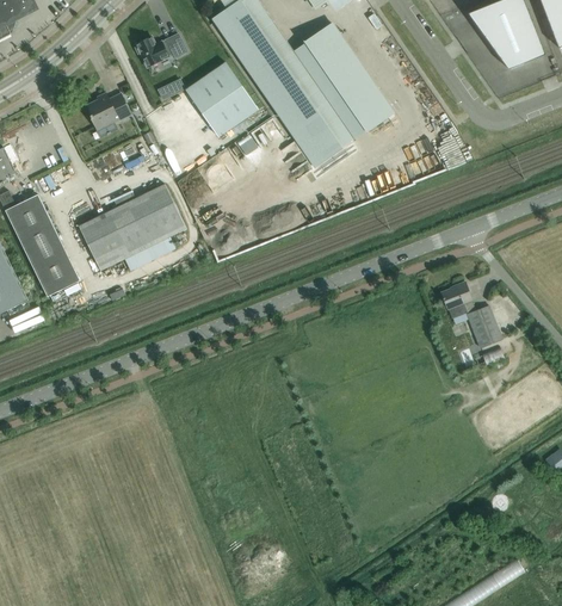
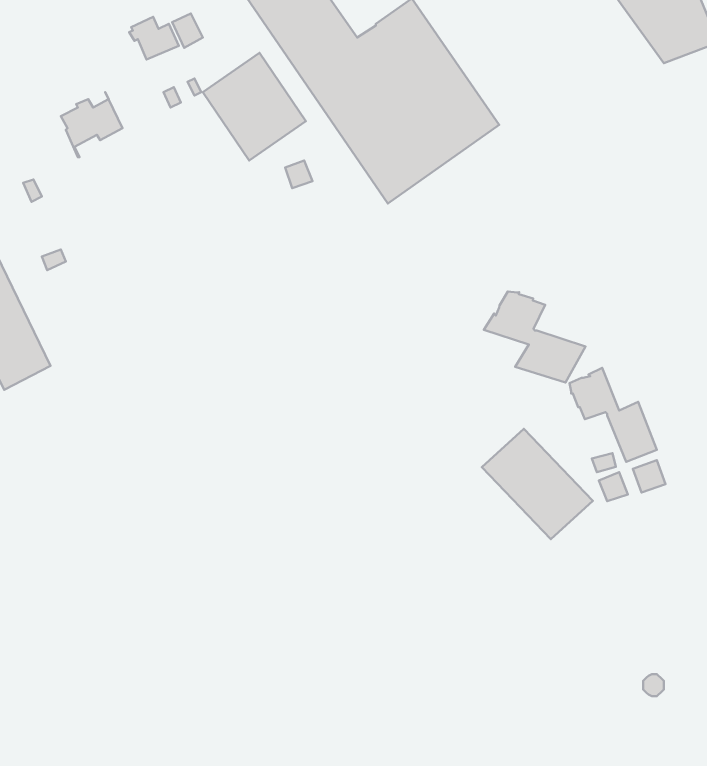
building: [78,184,185,270] -> none
building: none -> [484,291,585,383]
building: none -> [482,429,593,539]

